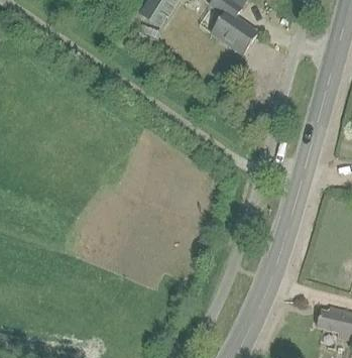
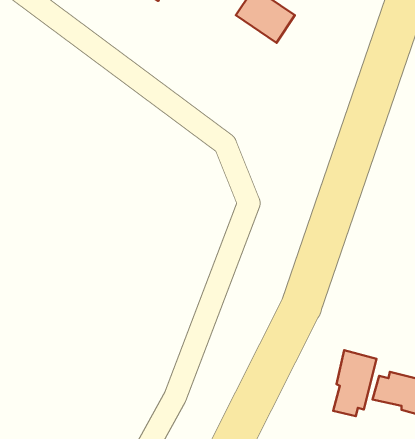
building: none -> [333,350,377,416]

